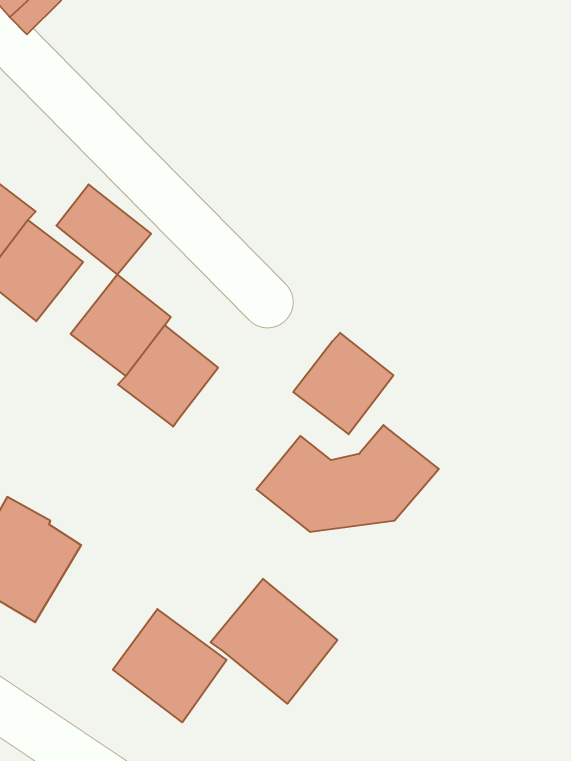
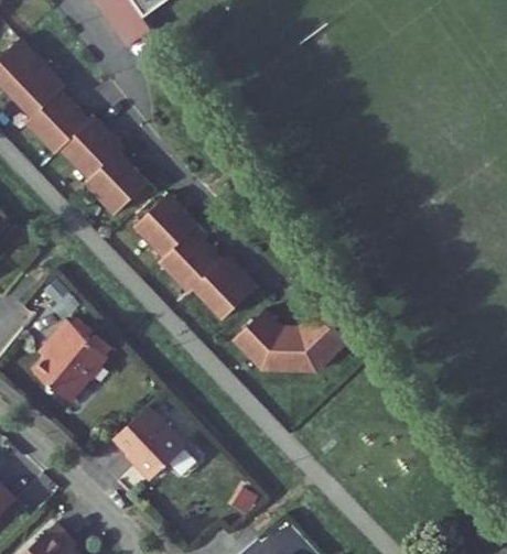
building: [56,184,151,275] -> none
building: [293,333,393,434] -> [187,254,250,317]
building: [211,579,337,704] -> none

